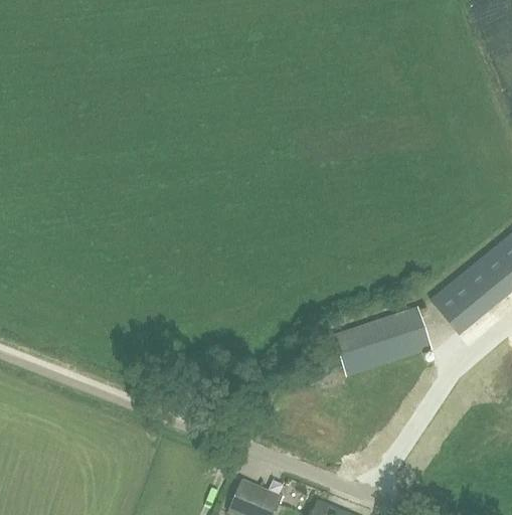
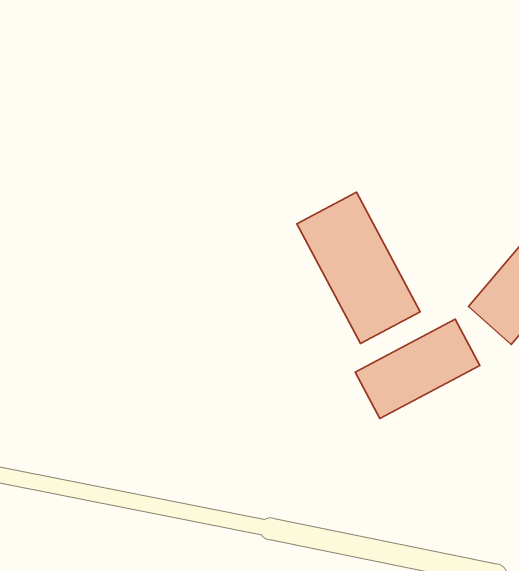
building: none -> [297,192,420,343]

